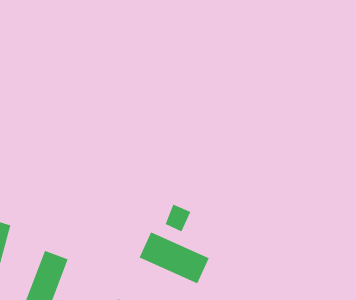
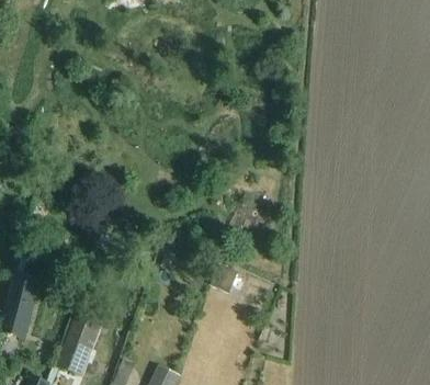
building: [139,232,210,284] -> none

